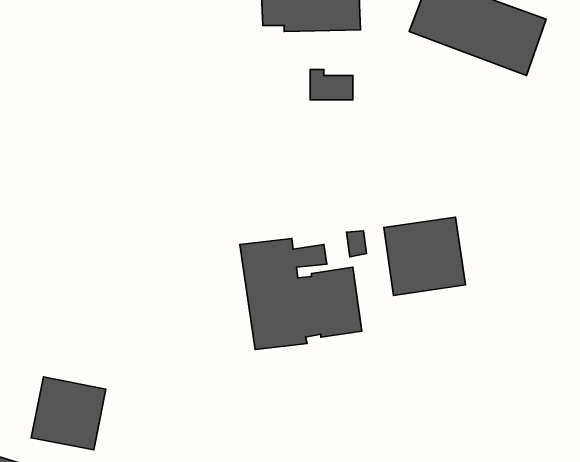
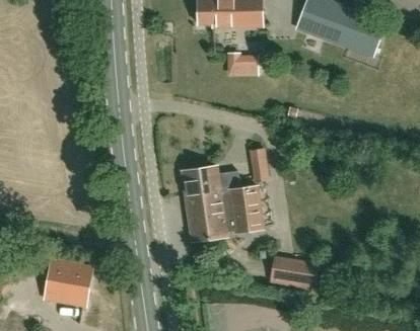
building: [384,217,465,295] -> none
building: none -> [270,257,317,284]

